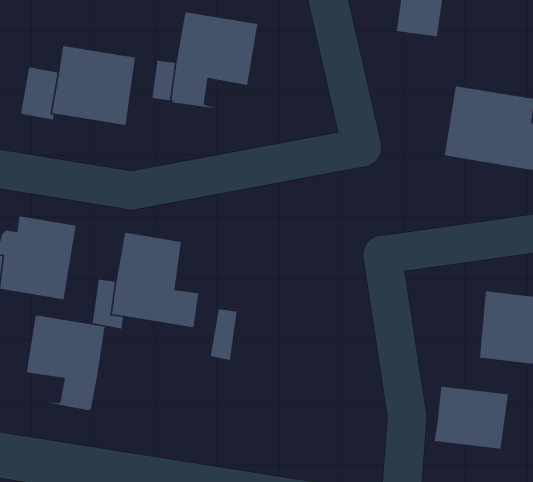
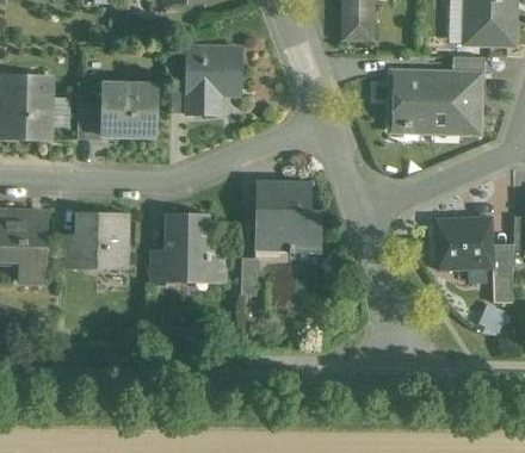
building: none -> [255,182,320,253]
building: [26,315,106,411] -> none
building: [434,386,509,449] -> none

